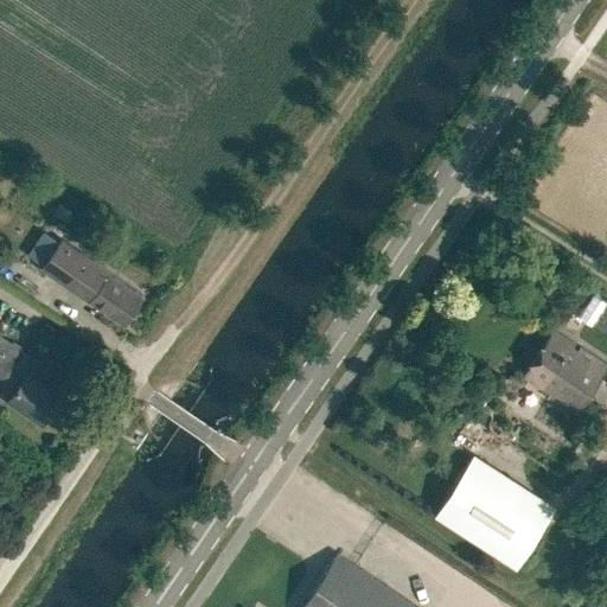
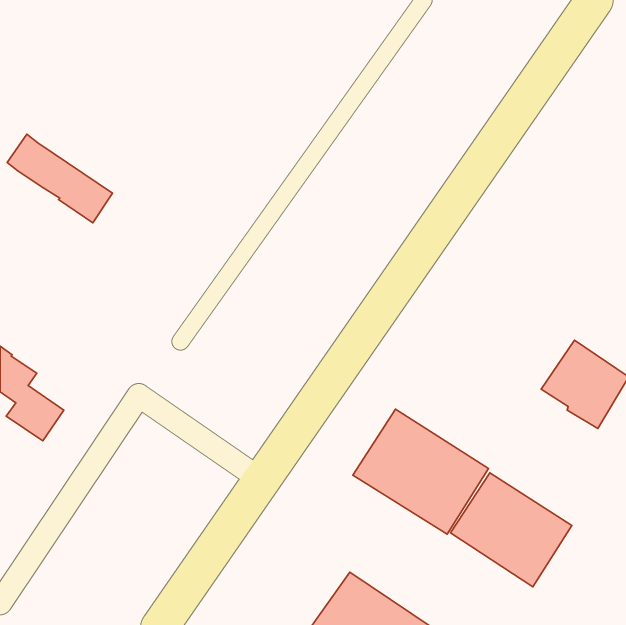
building: [41,241,143,326] -> [7,134,113,223]
building: none -> [353,409,488,534]

